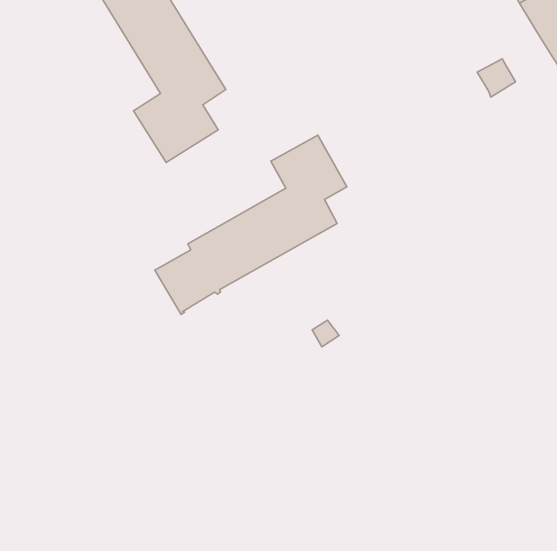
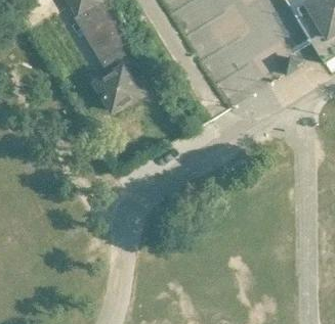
building: [155,135,347,314] -> none

